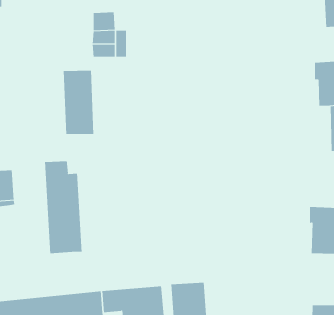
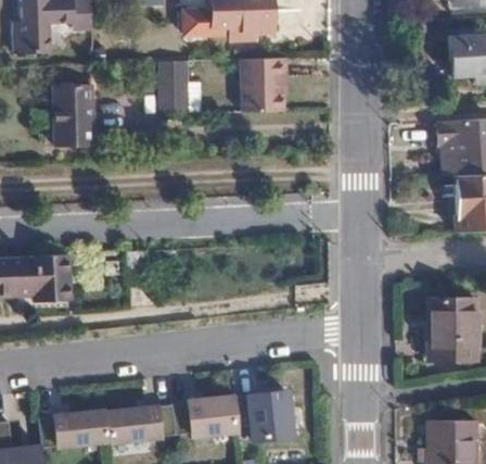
building: none -> [248,54,290,105]
building: [63,70,94,135] -> [52,62,91,142]
building: [44,160,82,254] -> none

